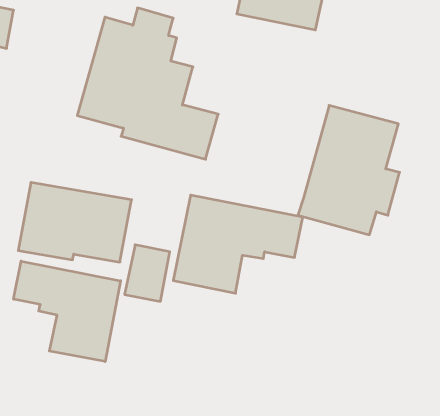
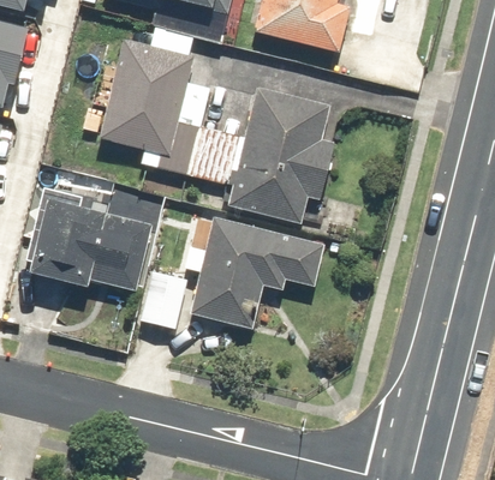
building: [298,105,400,235] -> [225,89,330,223]
building: [14,261,121,362] -> none

